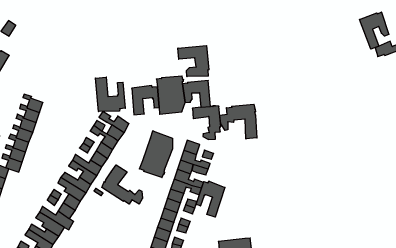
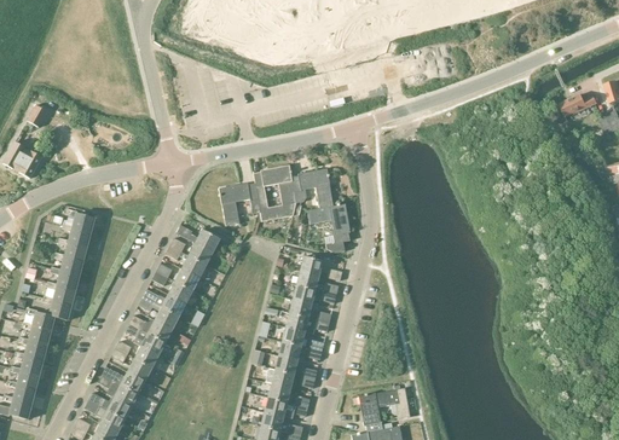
building: [360,12,389,49] -> none
building: [178,46,209,77] -> none
building: [95,77,125,112] -> none
building: [220,104,257,139] -> none
building: [139,131,173,178] -> none
building: [102,165,143,204] -> none
building: [196,181,225,217] -> none

